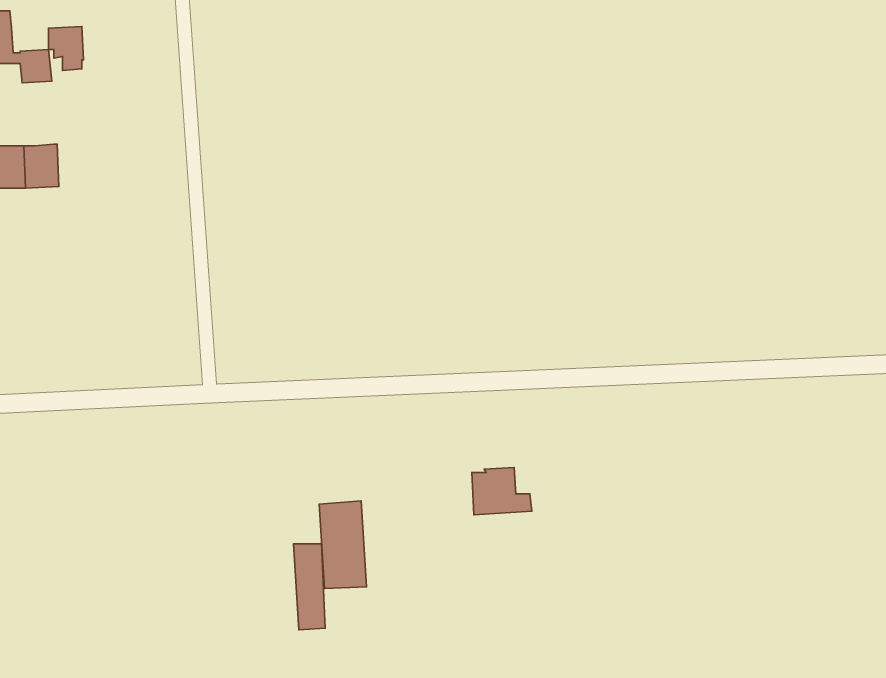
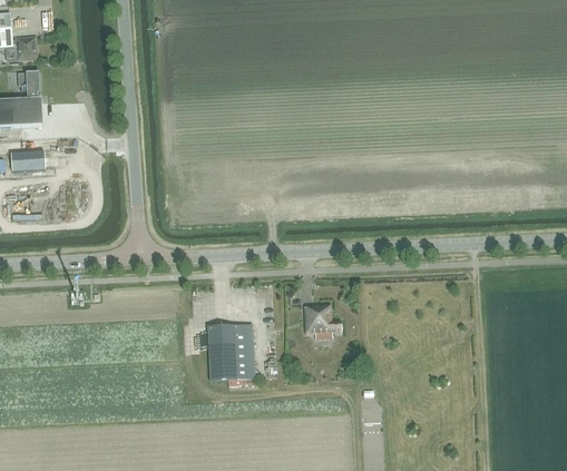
building: [48,27,84,70] -> [17,71,39,99]
building: none -> [10,149,45,170]
building: [293,544,325,630] -> [233,324,253,379]

